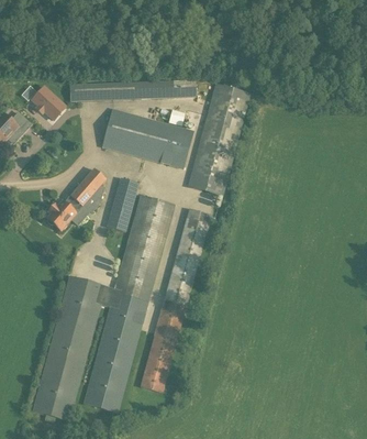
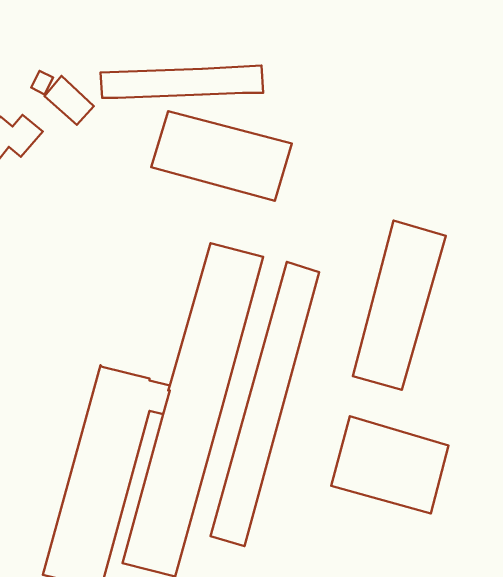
building: [189,84,249,194] -> [353,221,446,390]
building: [47,168,105,229] -> none
building: [108,177,138,230] -> none
building: none -> [331,416,448,513]

